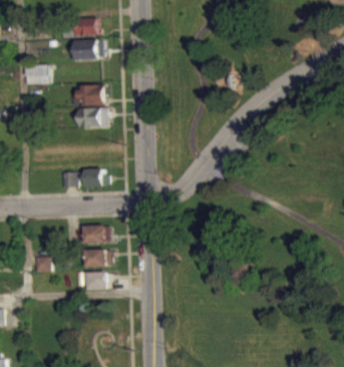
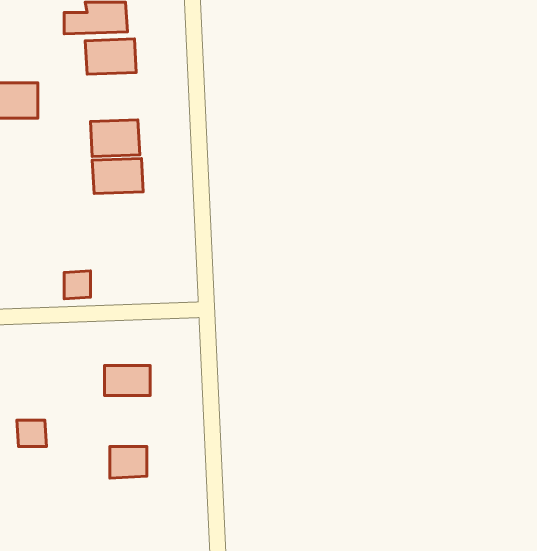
building: [82,169,104,188] -> none
building: [82,250,105,268] -> none

